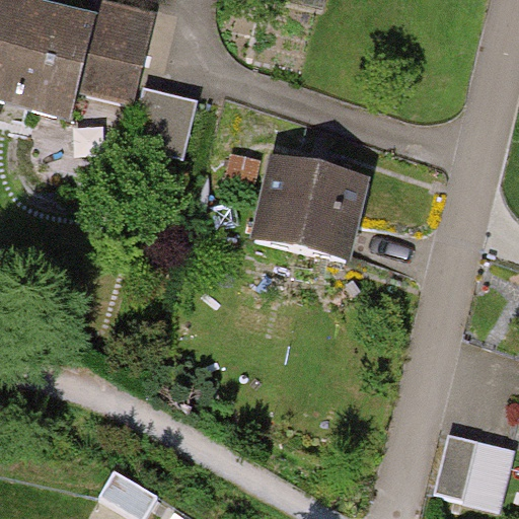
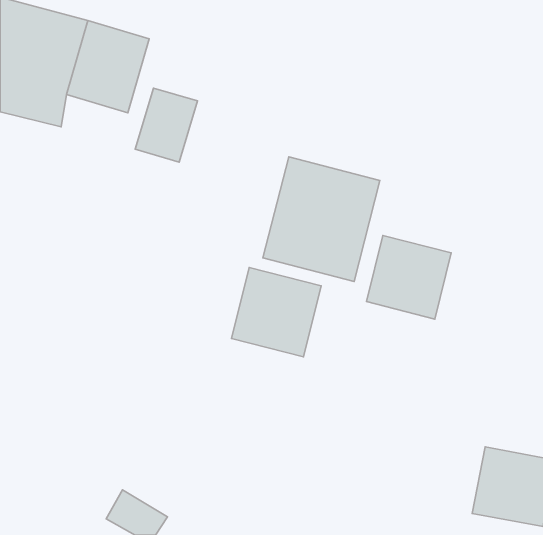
building: none -> [366,235,451,319]
building: none -> [231,267,321,357]

